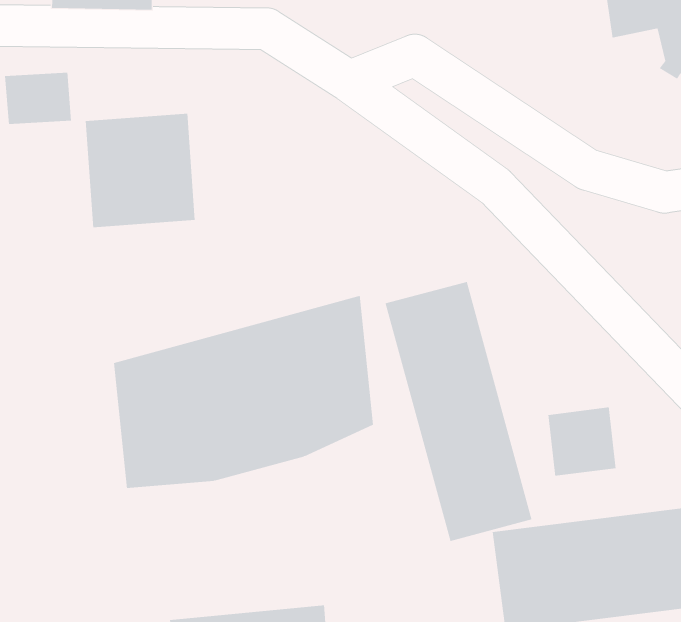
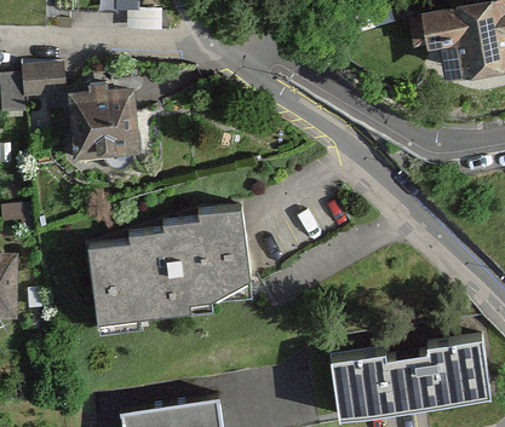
building: [385,281,532,542] -> none
building: [548,407,616,477] -> none

